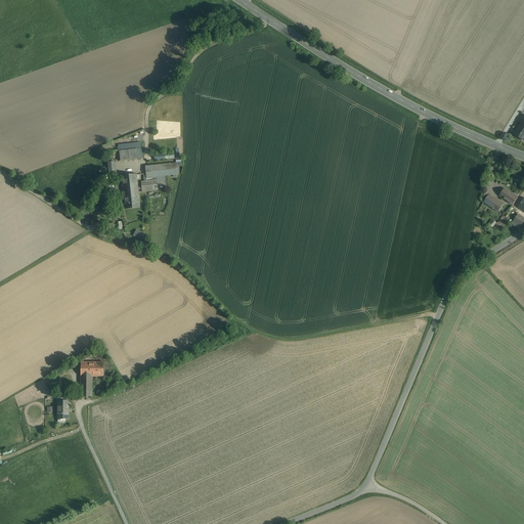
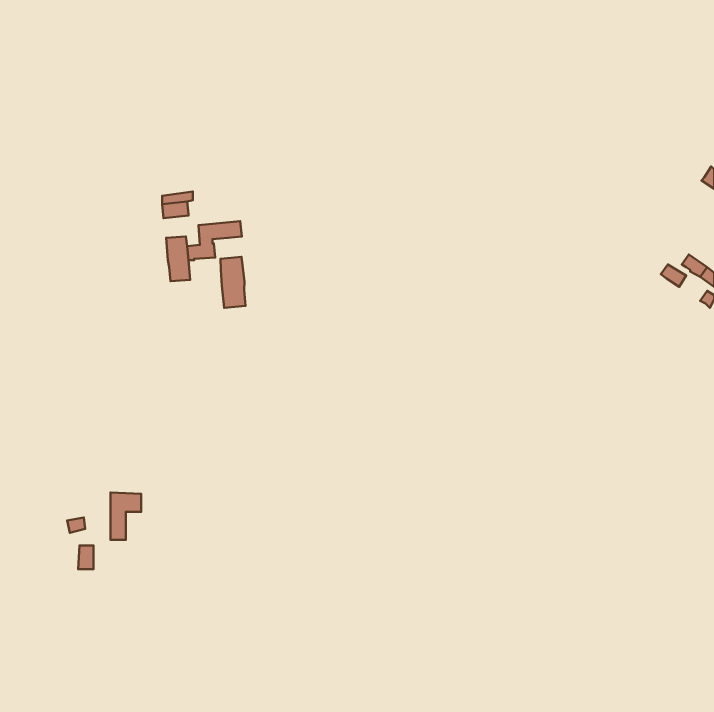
building: none -> [220,257,245,308]

